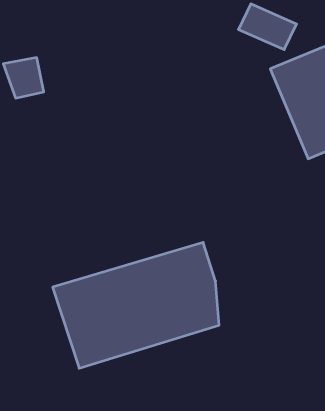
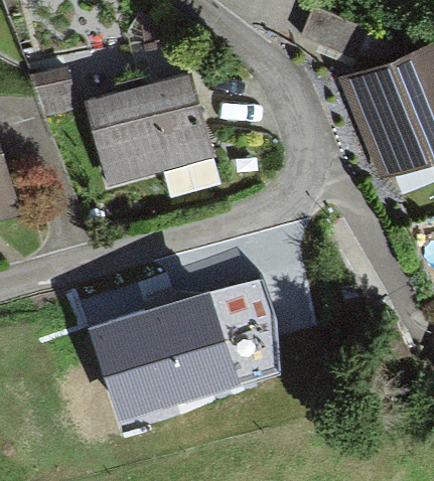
building: none -> [86,75,213,186]

